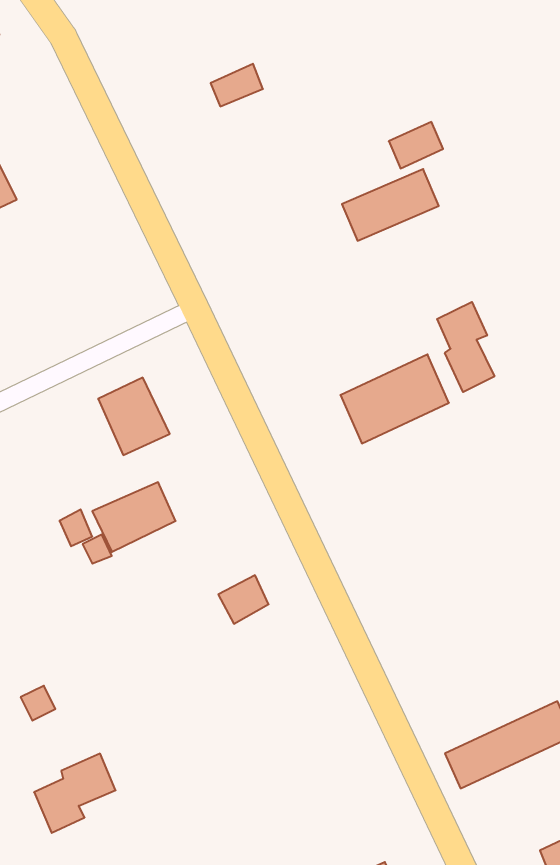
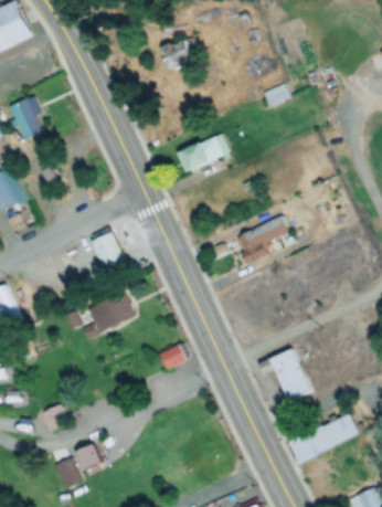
building: [342,169,439,241] -> [172,134,227,175]
building: [437,302,494,392] -> none
building: none -> [268,346,315,402]

